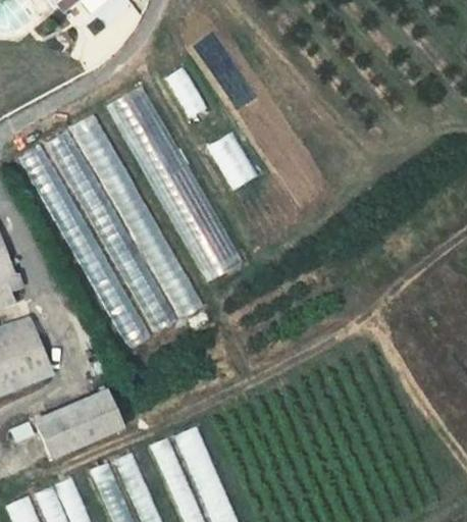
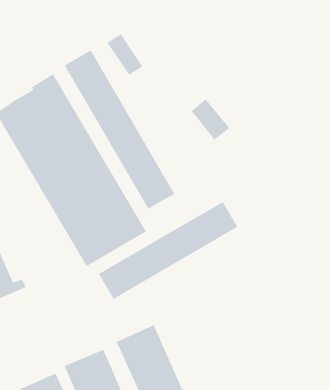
building: [207,137,254,189] -> [191,99,230,141]
building: none -> [98,201,238,300]
building: [24,394,110,460] -> none

